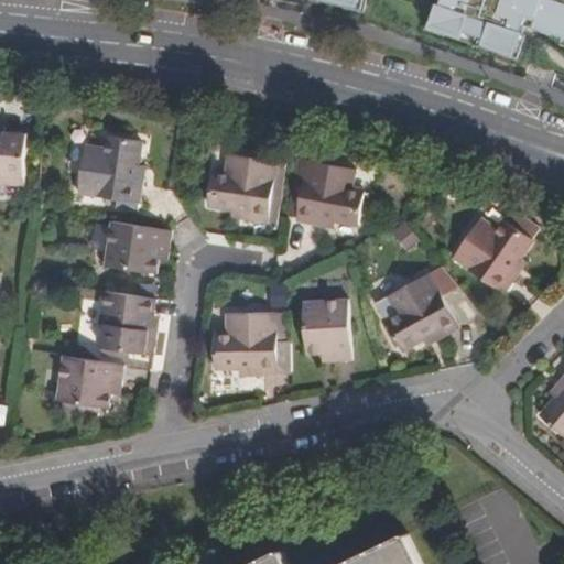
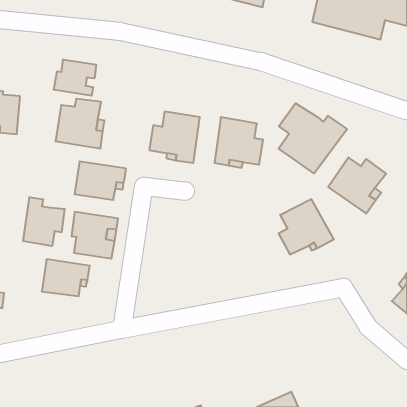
building: none -> [54,59,96,96]
building: none -> [278,103,347,173]
building: none -> [23,197,65,246]
building: [301,299,350,359] -> none
building: [212,313,274,378] -> none

